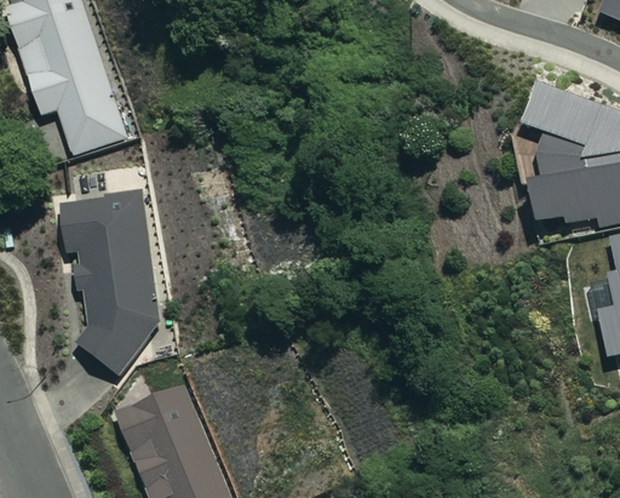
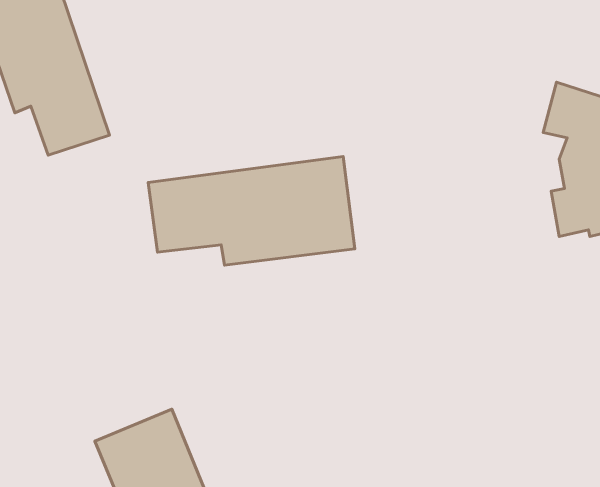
building: none -> [148,157,355,265]
building: [61,191,155,371] -> none

